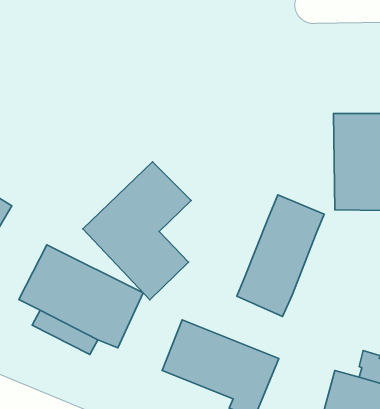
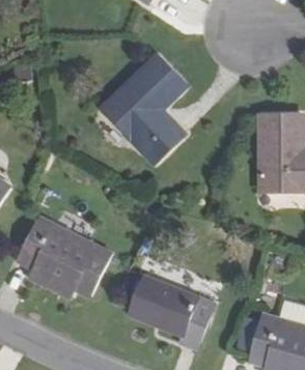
building: [83,162,191,300] -> [102,55,186,162]
building: [237,195,324,317] -> none

